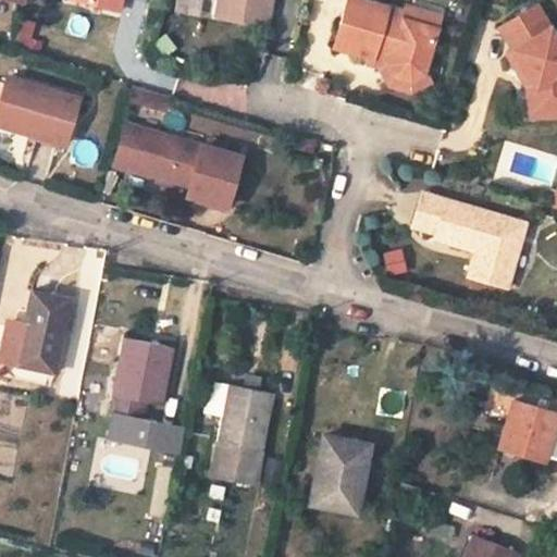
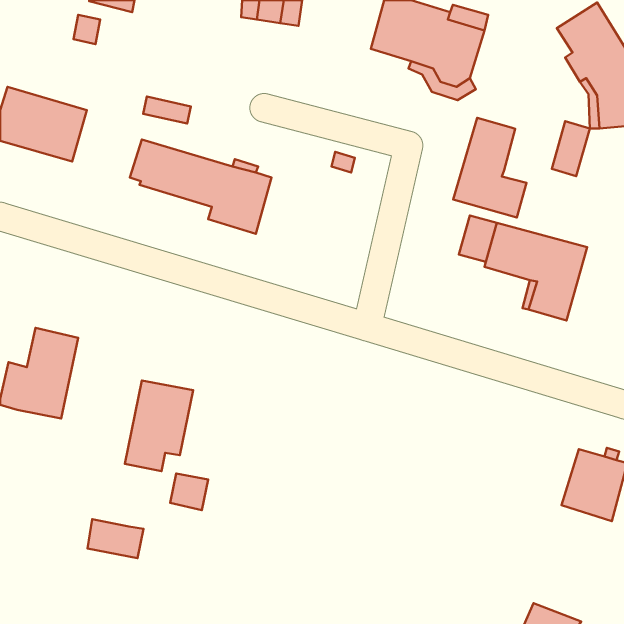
building: none -> [453,118,526,218]
building: none -> [552,121,590,176]
building: [211,385,275,486] -> none
building: [108,413,158,448] -> [87,519,144,558]
building: [311,437,370,513] -> none

